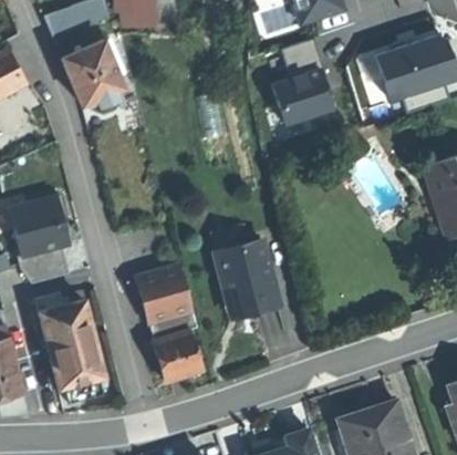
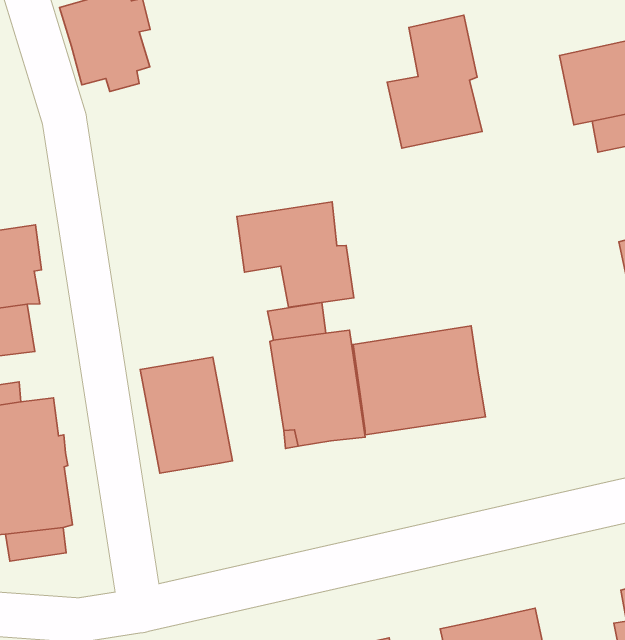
building: none -> [237,202,354,307]
building: none -> [353,326,486,435]
building: [154,330,204,382] -> none

